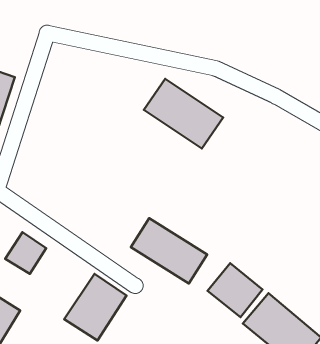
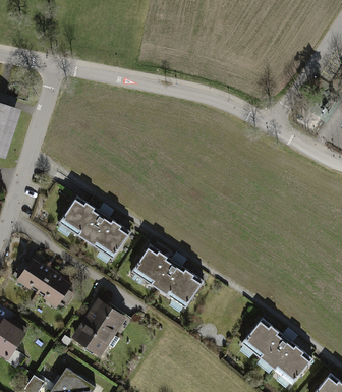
building: [144,79,223,149] -> [56,192,131,259]
building: none -> [37,271,74,310]
building: [207,263,262,317] -> none

